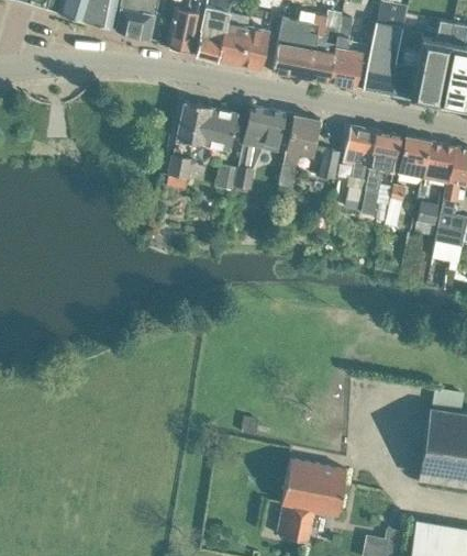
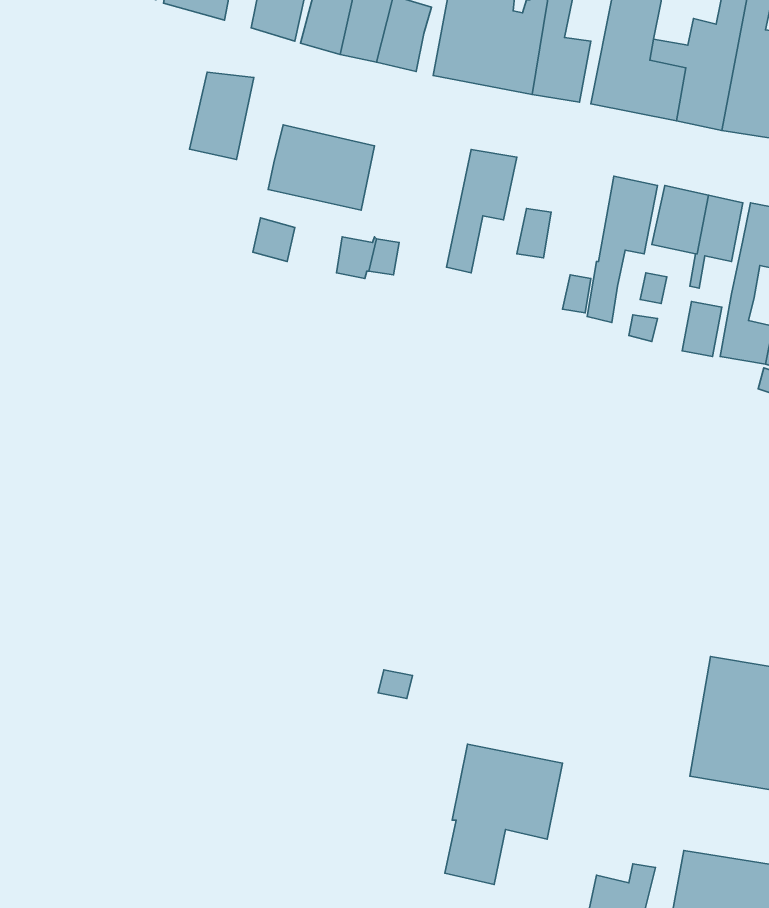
building: none -> [190,72,254,160]
building: [243,107,285,149] -> none
building: [344,126,376,180] -> none

